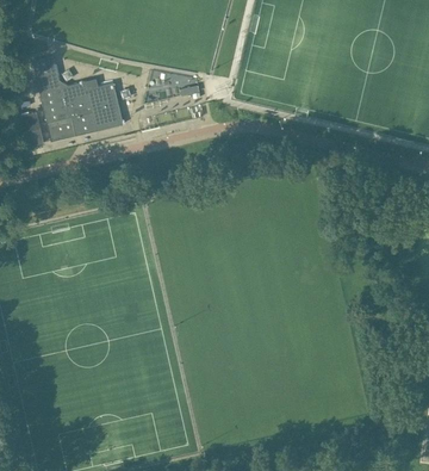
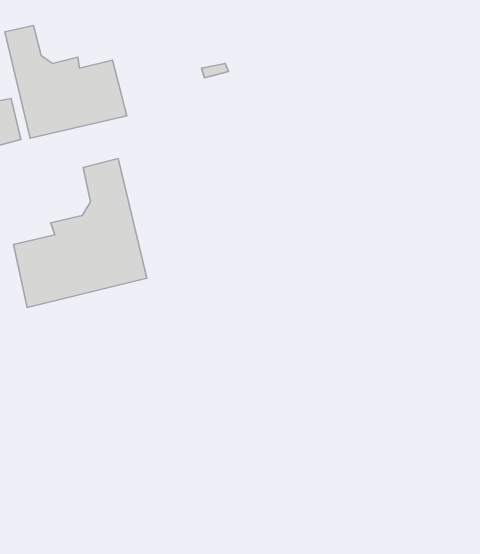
building: none -> [14,159,147,308]

